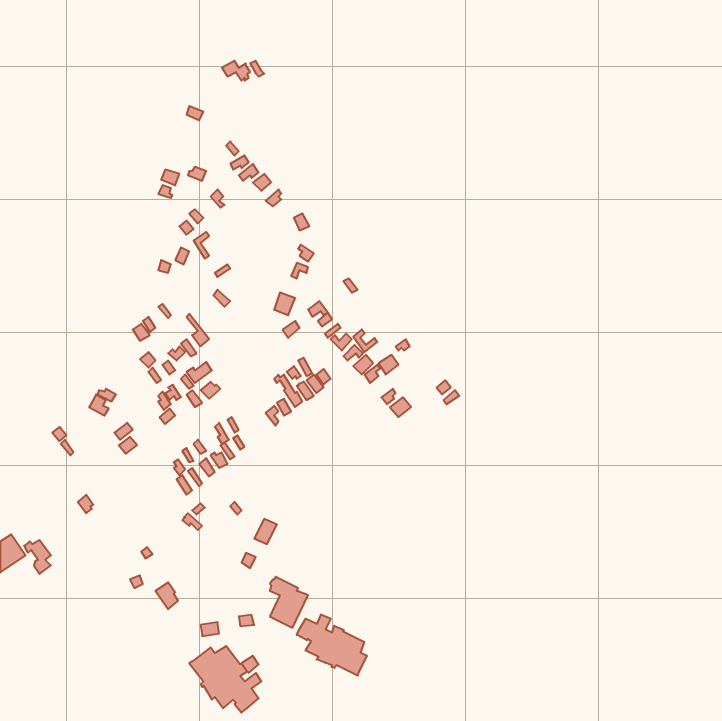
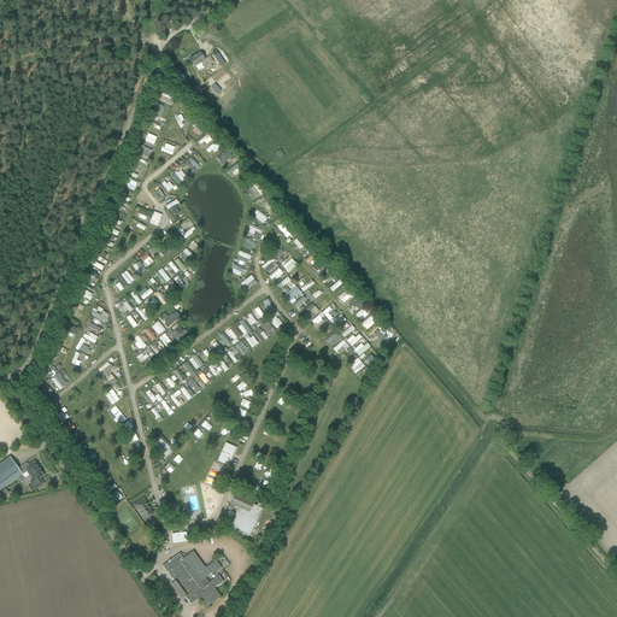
building: [297,614,367,676] -> none

